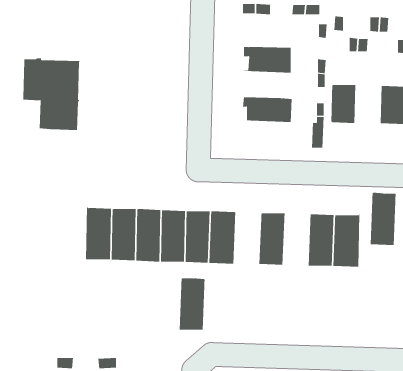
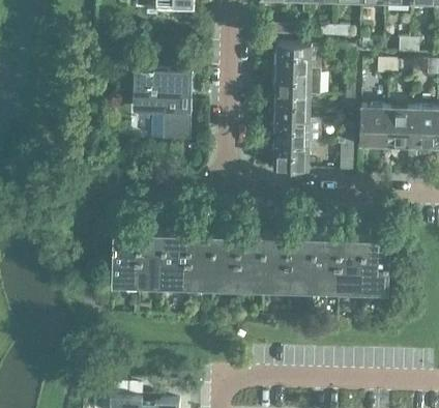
building: none -> [272,47,321,72]
building: [22,58,81,131] -> [134,69,193,143]
building: none -> [271,96,320,123]
building: none -> [384,110,410,149]
building: none -> [270,146,320,173]
building: [370,191,396,246] -> [312,238,339,293]
building: [179,277,206,330] -> [262,237,289,291]

